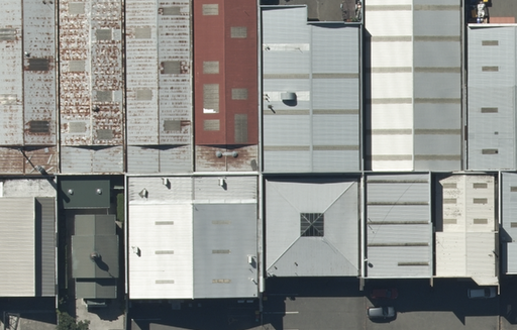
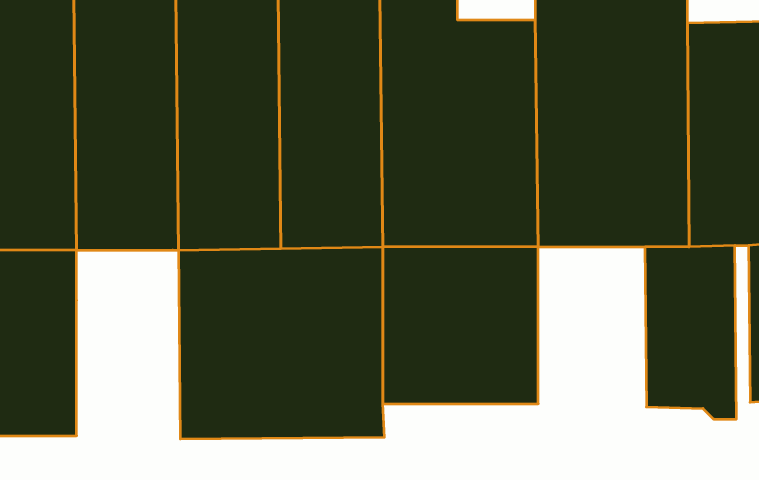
building: [364,172,435,278] -> none
building: [58,174,121,207] -> none
building: [73,213,114,299] -> none

